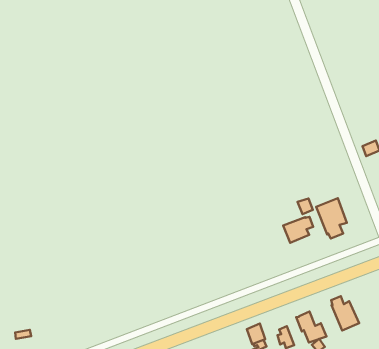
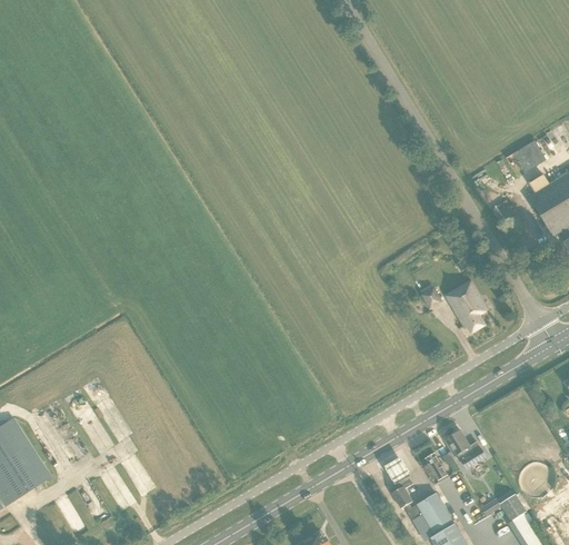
building: [283,217,313,243] -> none
building: [331,296,359,330] -> none

